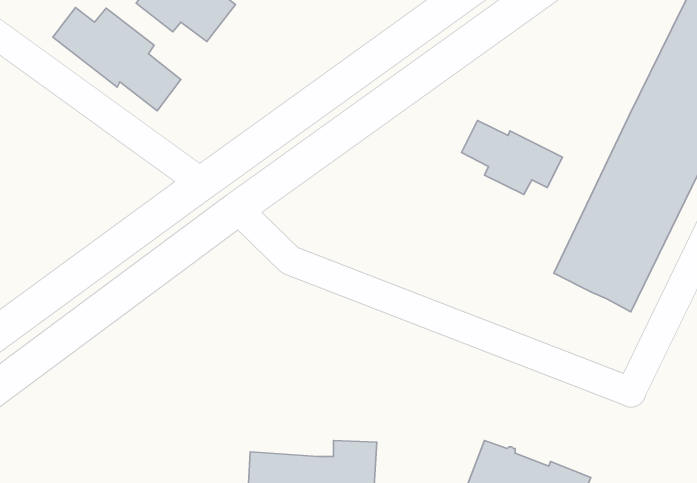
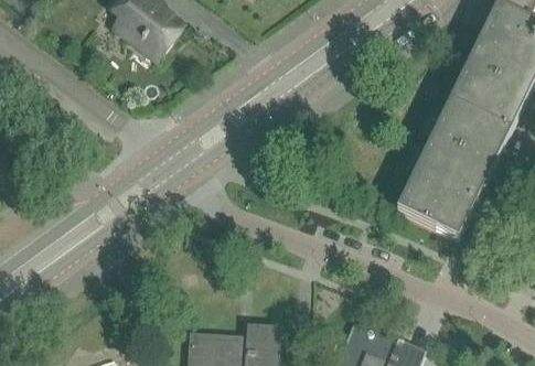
building: [53,8,181,111] -> none
building: [462,120,563,195] -> none

